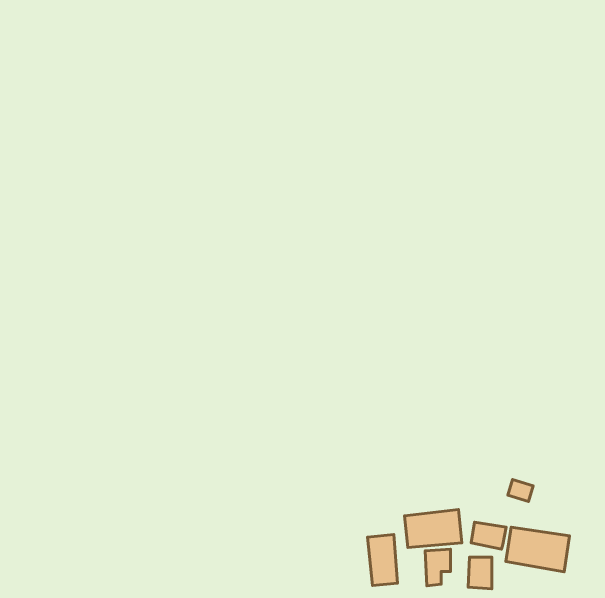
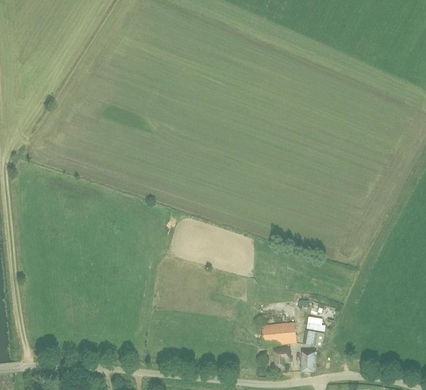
building: [506,527,570,572] -> none
building: [368,535,398,586] -> none

